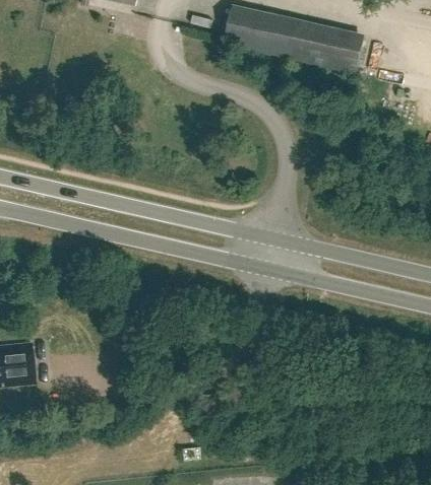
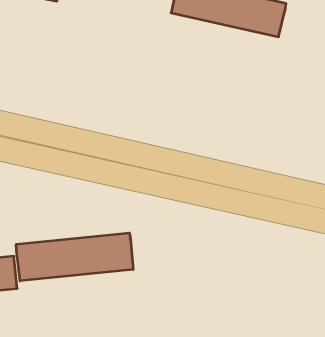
building: none -> [16,233,133,281]

